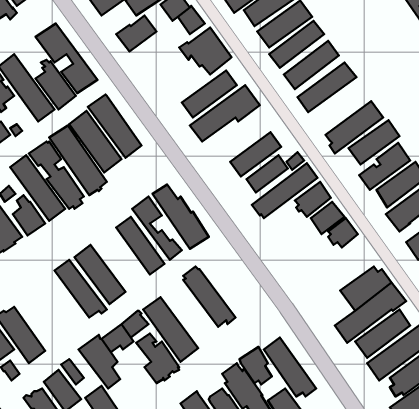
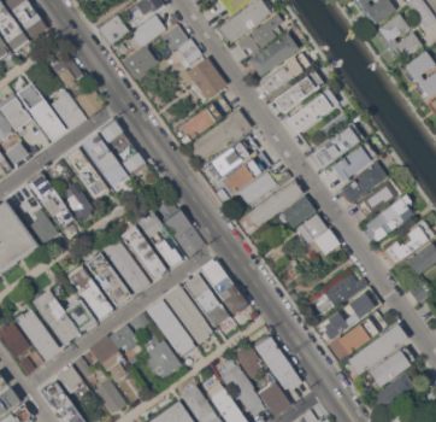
building: none -> [210,135,260,178]
building: none -> [102,239,151,294]
building: none -> [201,259,248,312]
building: none -> [33,286,96,347]
building: none -> [164,286,213,345]

